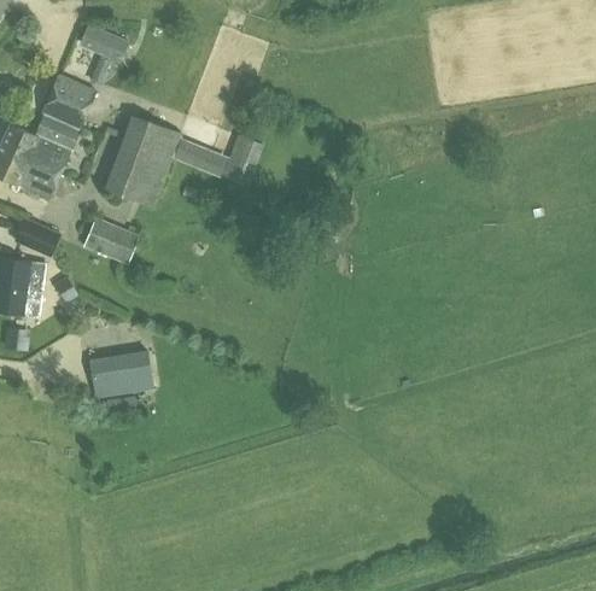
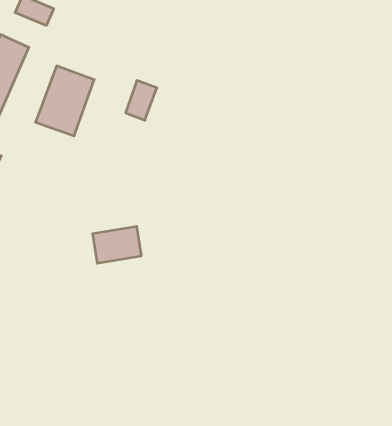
building: [173,135,228,175] -> none
building: [83,220,138,265] -> none
building: [88,351,152,399] -> [93,226,141,263]

